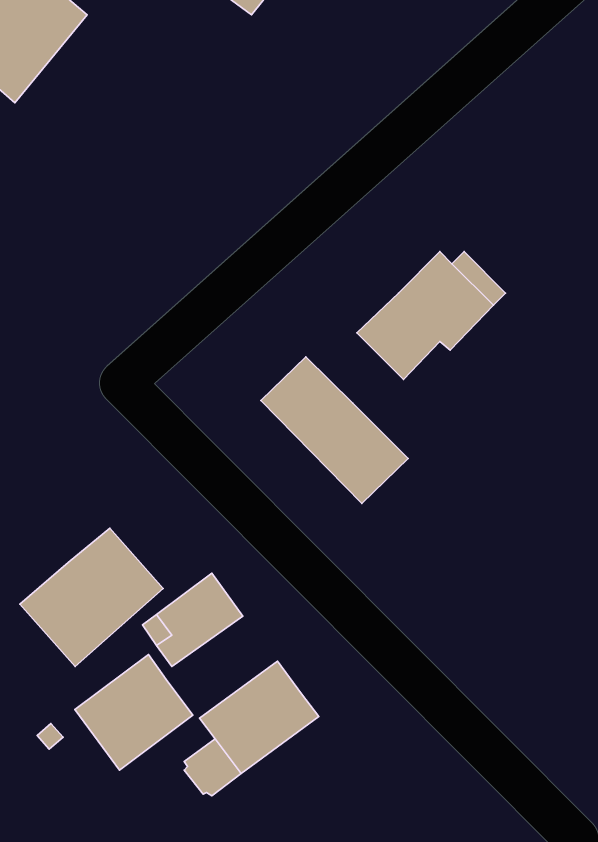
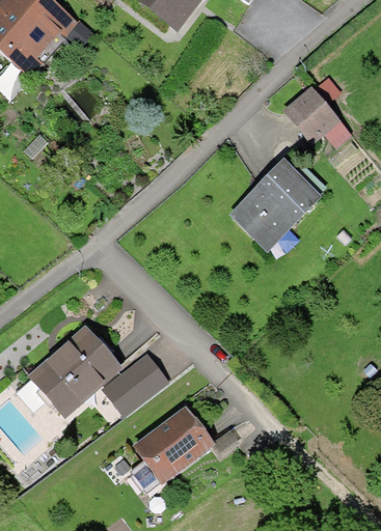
building: none -> [291,89,339,139]
building: [261,357,408,503] -> none
building: [75,655,193,770] -> none

